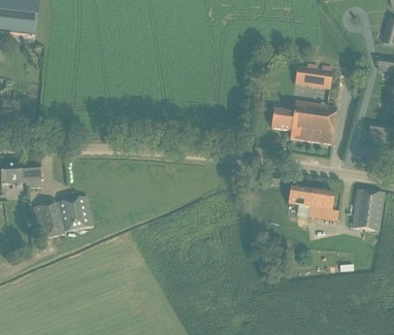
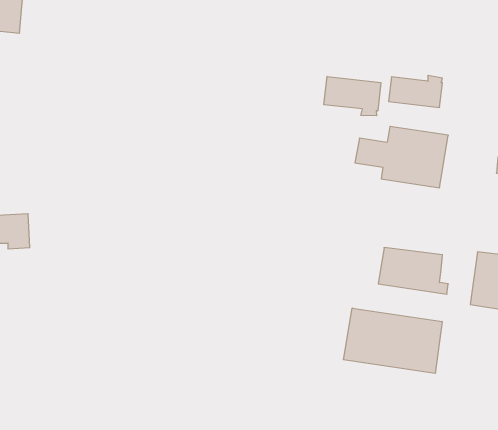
building: none -> [324,76,381,116]
building: [31,195,93,237] -> none
building: none -> [344,308,442,373]

